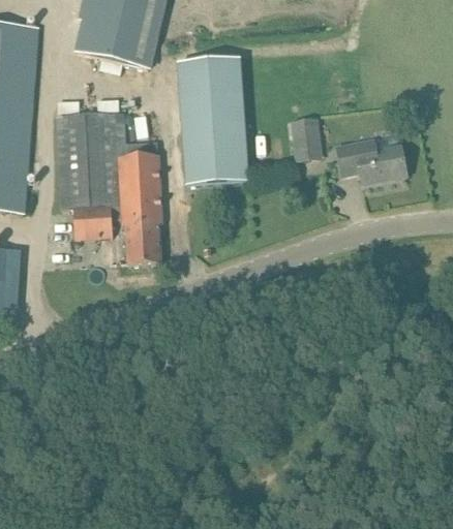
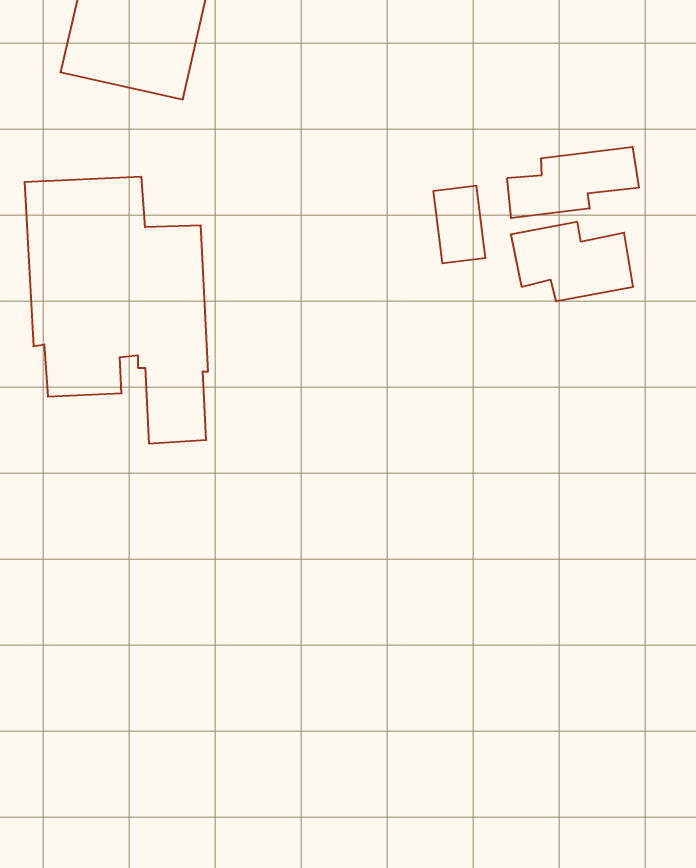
building: [178,57,249,185] -> none
building: none -> [507,147,639,218]

